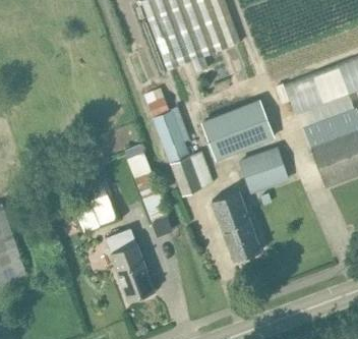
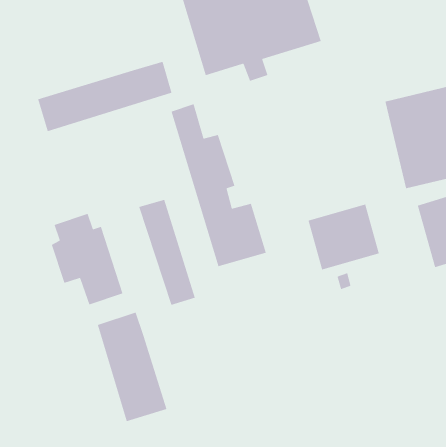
building: none -> [37,61,172,132]
building: [202,100,274,161] -> none
building: [212,191,261,263] -> none

